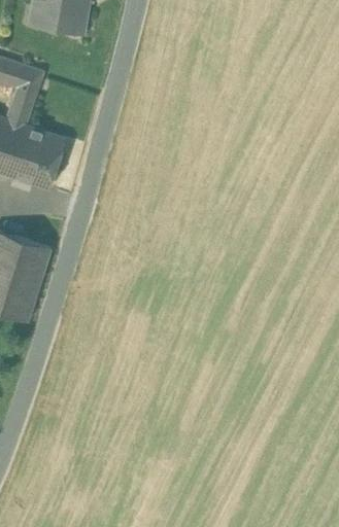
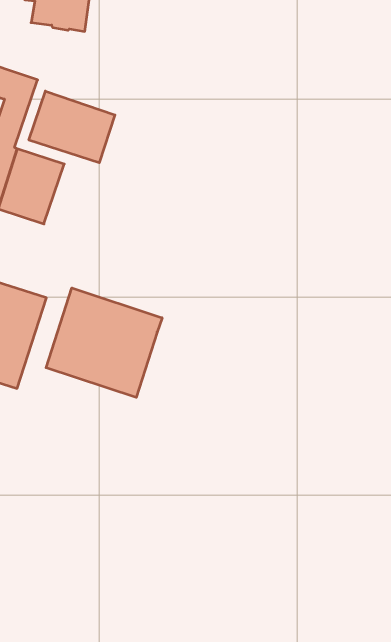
building: none -> [29,91,115,163]
building: none -> [46,288,162,397]

